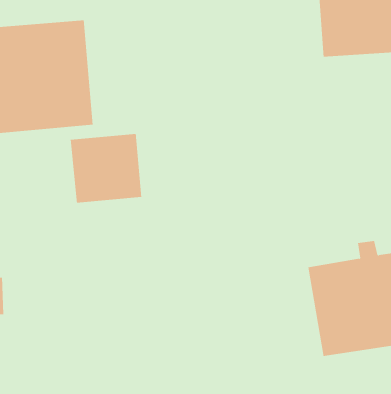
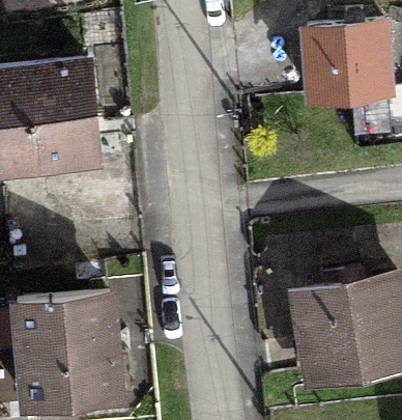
building: [70,133,142,203] -> none
building: none -> [18,296,118,405]

